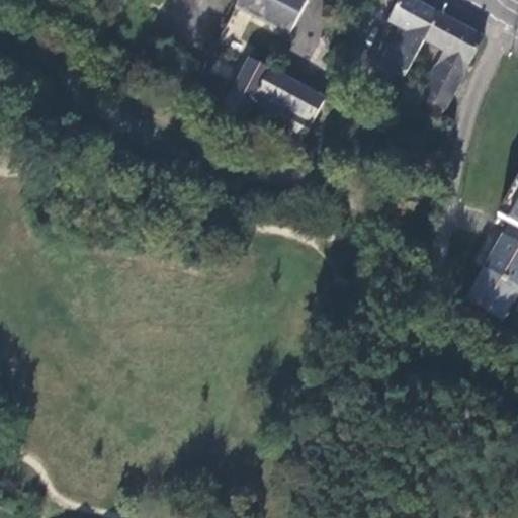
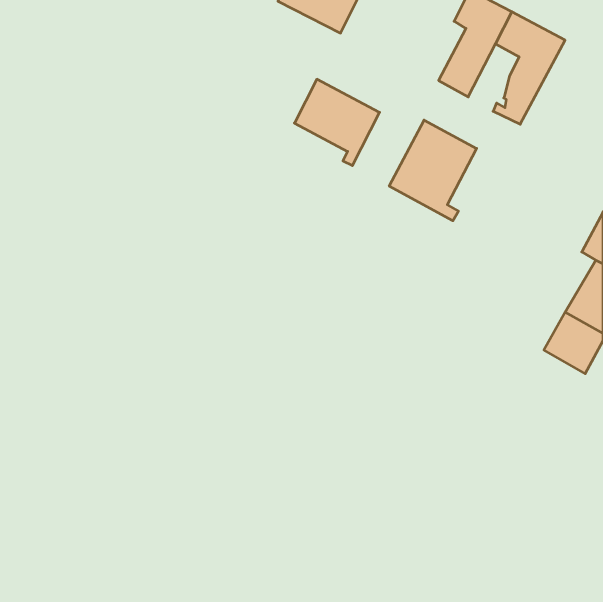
building: [225,56,272,115] -> none
building: none -> [389,120,477,221]

